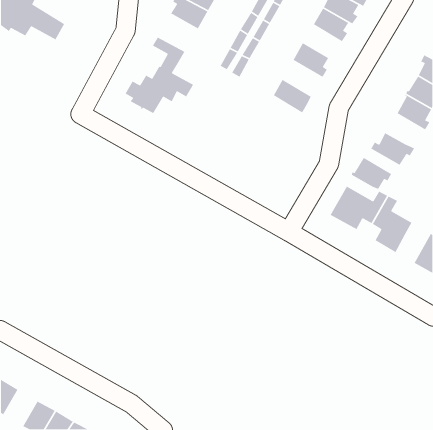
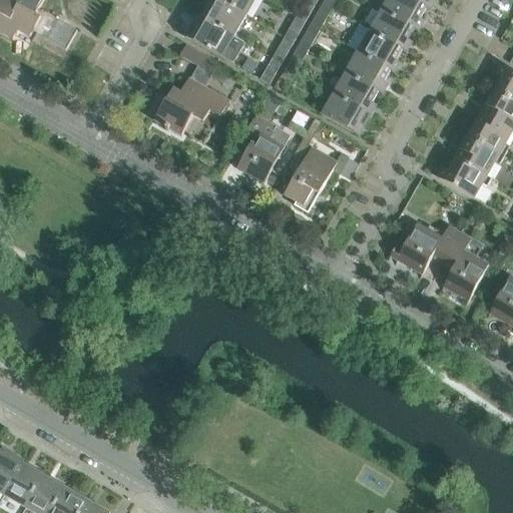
building: none -> [189,14,241,61]
building: none -> [347,23,405,71]
building: none -> [334,71,382,114]
building: none -> [236,106,290,182]
building: none -> [285,116,357,212]
building: [351,157,392,190] -> [454,134,503,173]
building: none -> [4,461,44,505]

